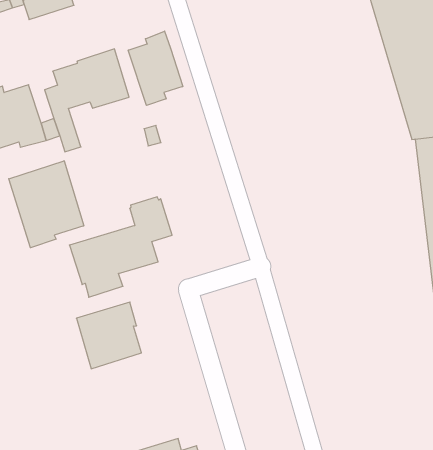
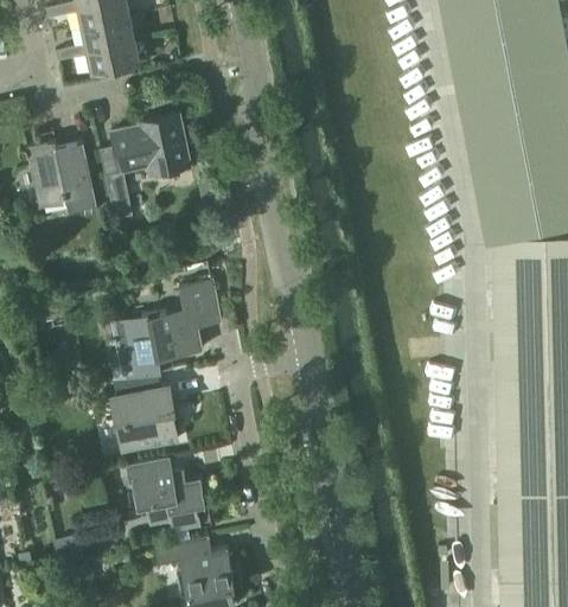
building: [128,31,183,105] -> none
building: [9,161,84,248] -> none
building: none -> [127,462,210,531]

